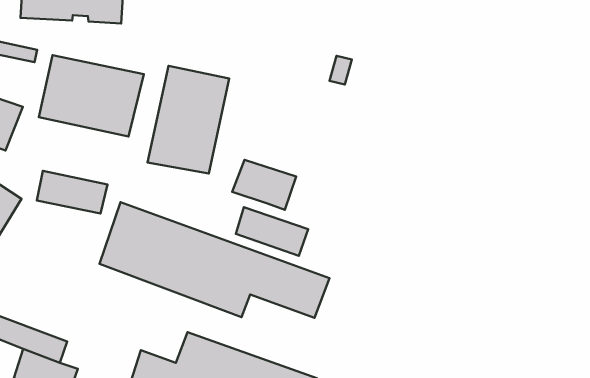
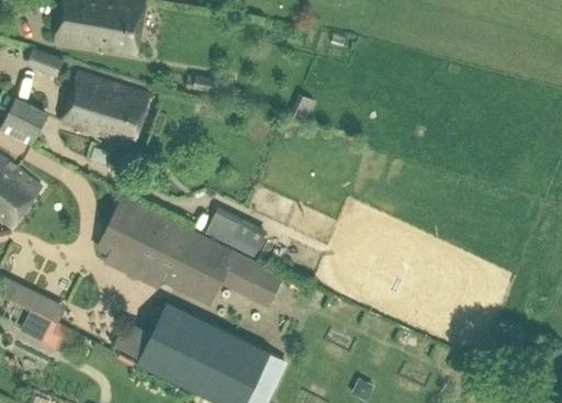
building: [147,66,229,173] -> none
building: [232,160,296,210] -> none
building: [37,171,108,214] -> none

